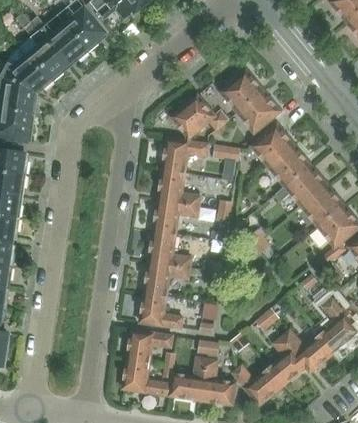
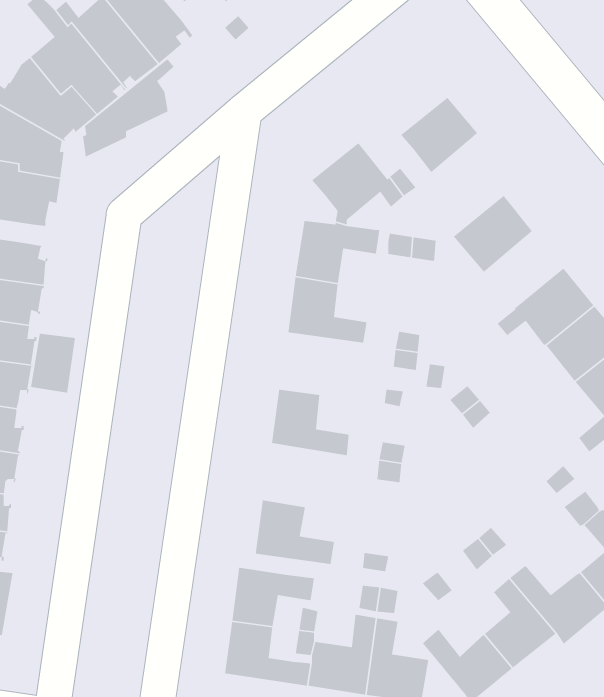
building: none -> [82,58,175,158]
building: [238,90,281,132] -> none
building: [267,144,311,187] -> none
building: none -> [30,333,76,394]
building: [154,200,201,234] -> none
building: [145,261,192,296] -> none

